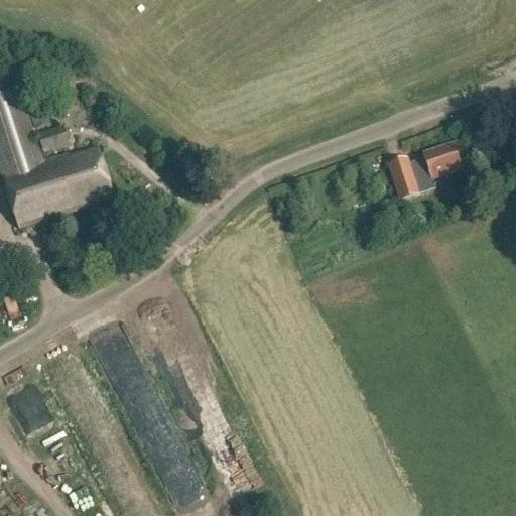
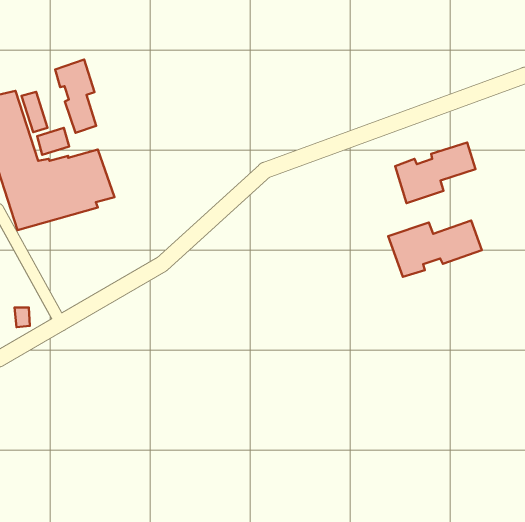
building: none -> [55,60,96,133]
building: none -> [388,221,482,277]

